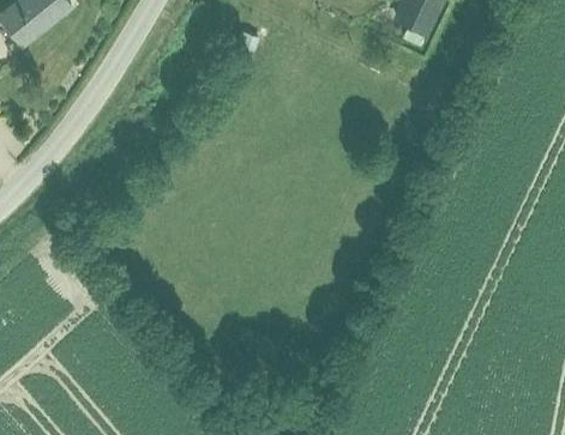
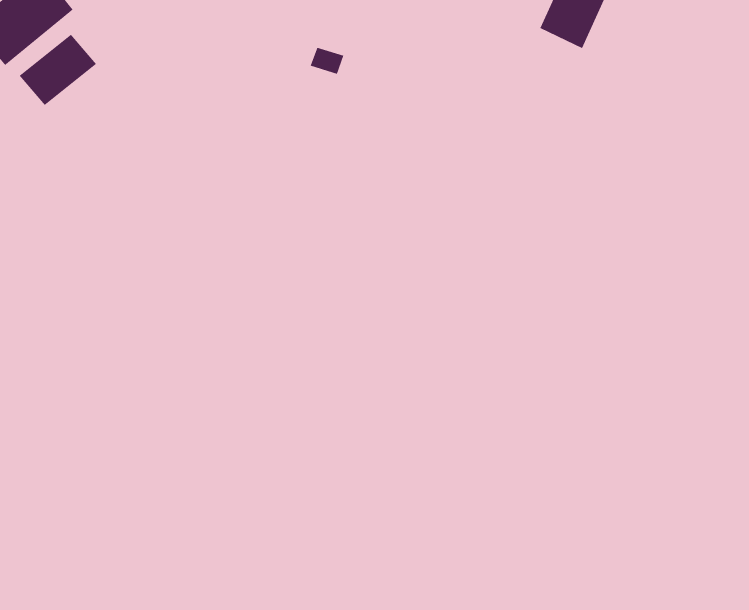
building: none -> [19,34,97,106]

